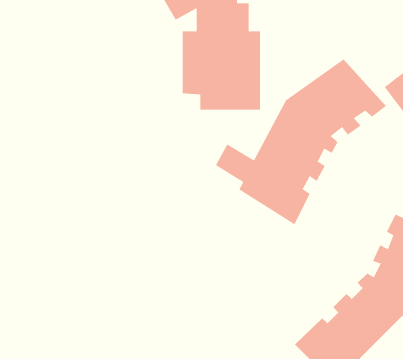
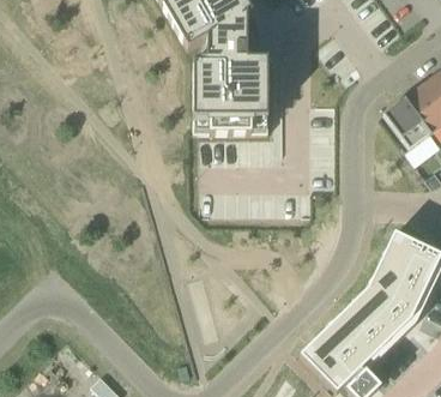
building: [215,58,387,225] -> none

